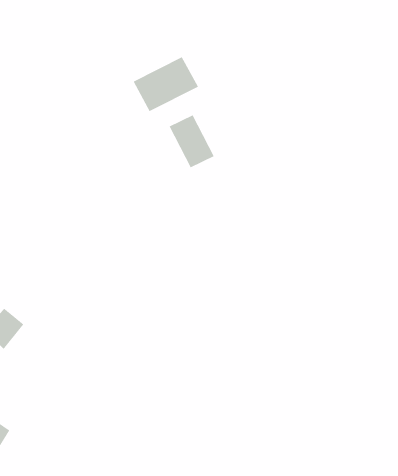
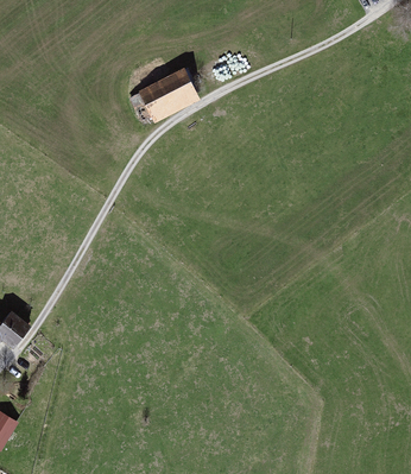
building: [169,114,214,168] -> none

